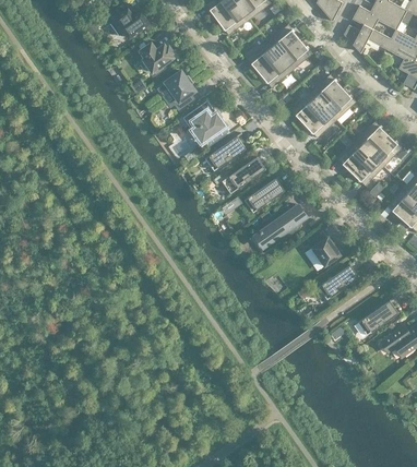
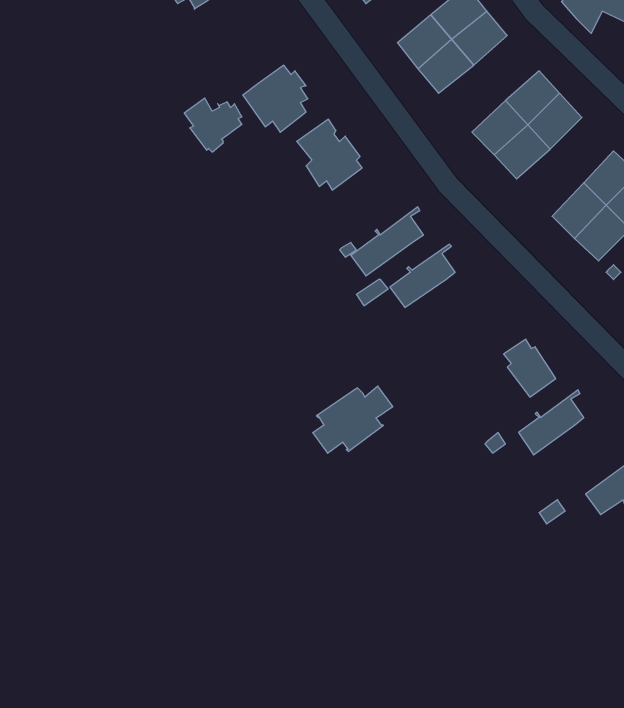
building: [139,41,172,73] -> [184,98,242,152]
building: [204,133,243,170] -> none
building: [259,204,306,243] -> [313,386,393,453]

